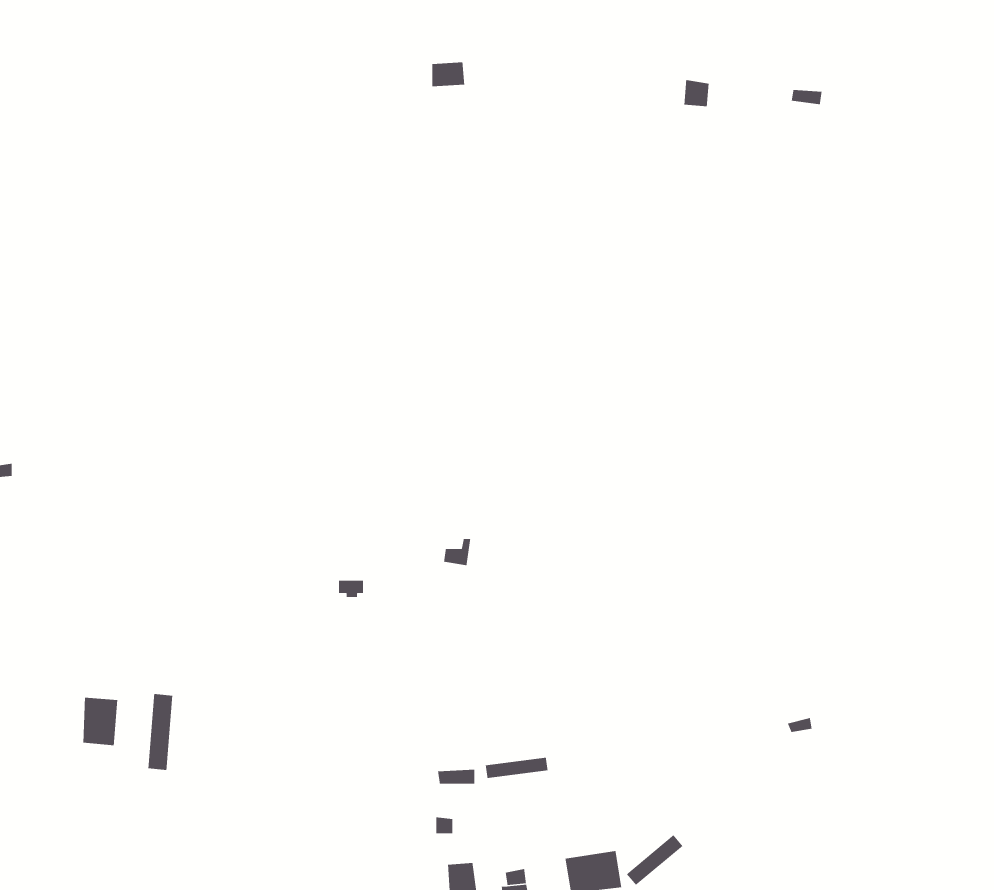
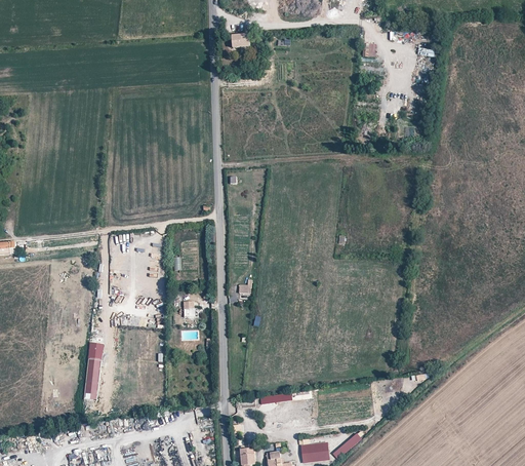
building: [82,697,118,746] -> none

